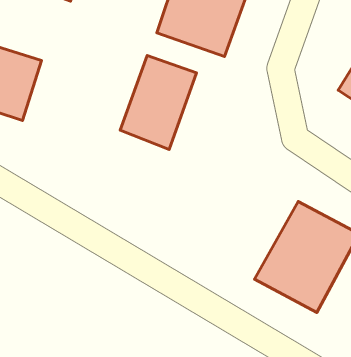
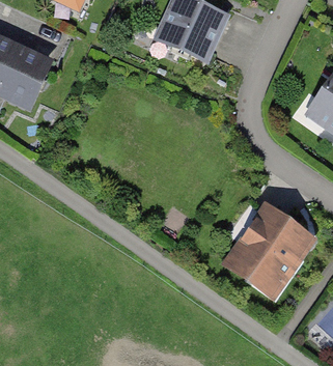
building: [120,55,196,149] -> none

